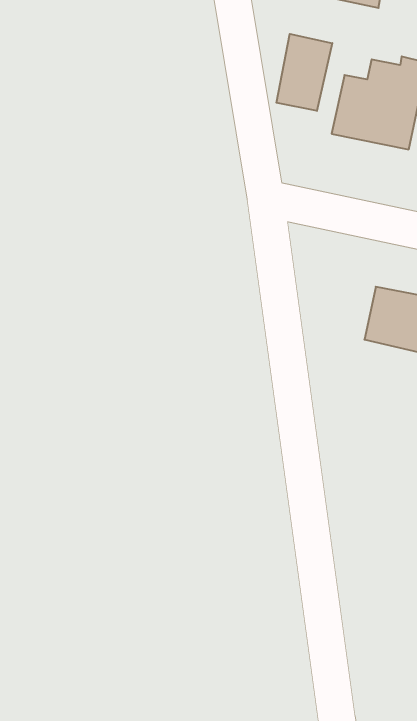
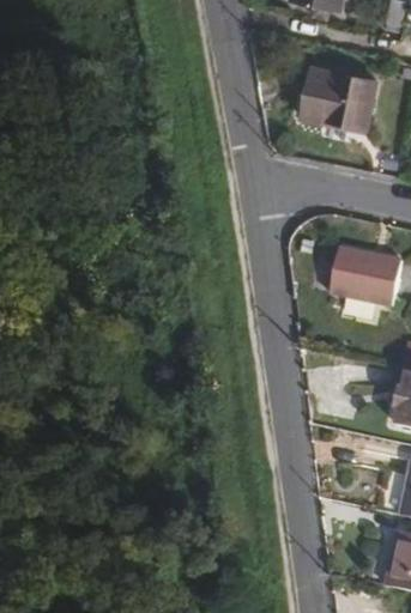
building: [276,34,332,111] -> none

